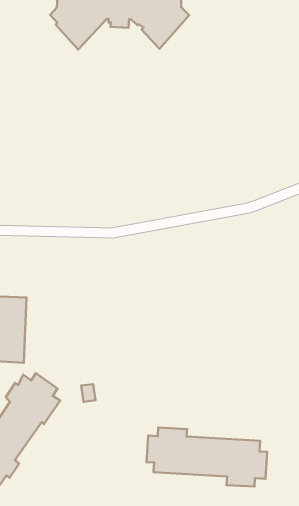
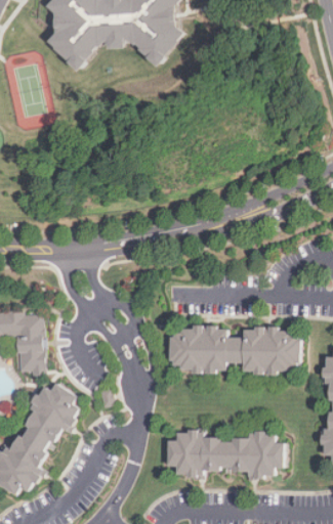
building: none -> [168,324,300,375]

